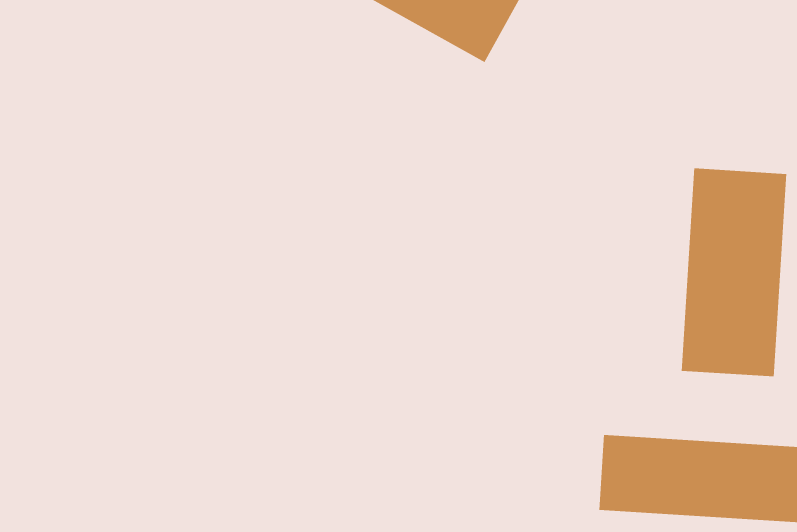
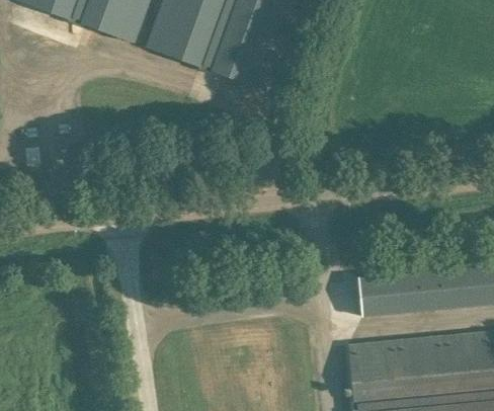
building: [681,168,787,377] -> none

